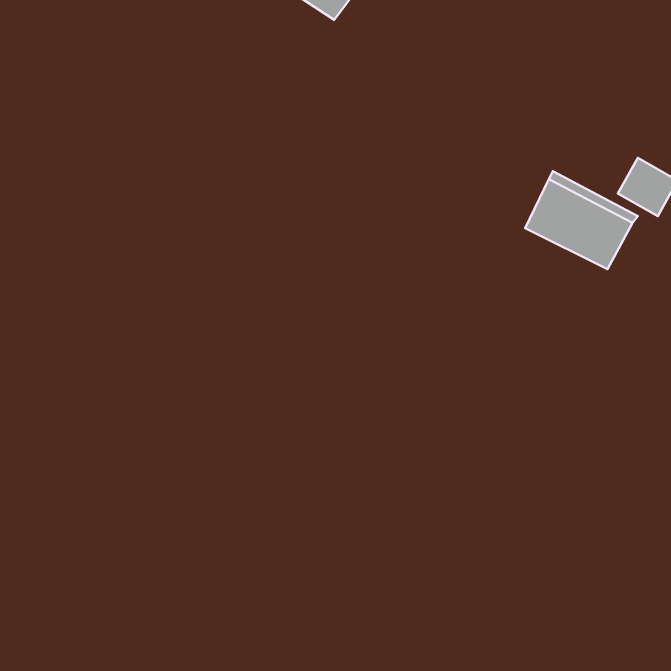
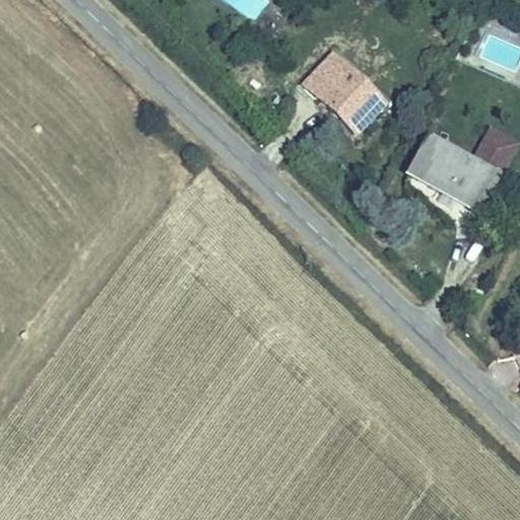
building: none -> [307,56,381,128]

